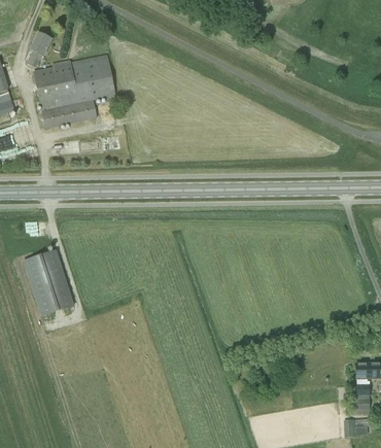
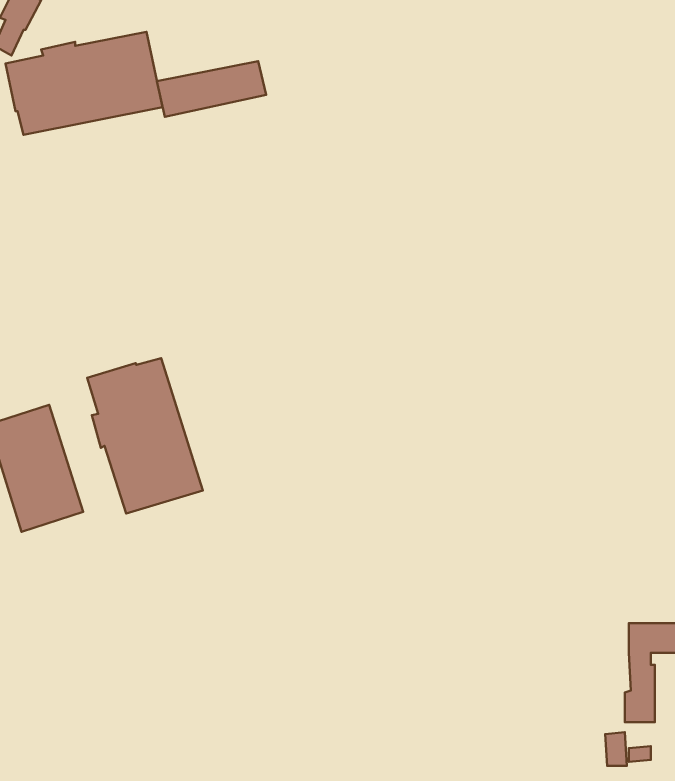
building: [40,100,97,129] -> [157,61,266,117]
building: none -> [87,358,203,514]

